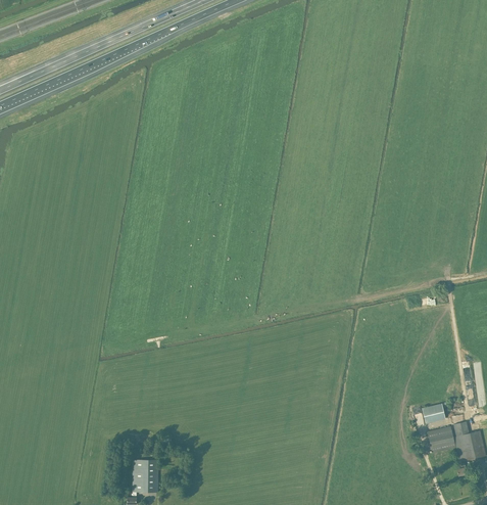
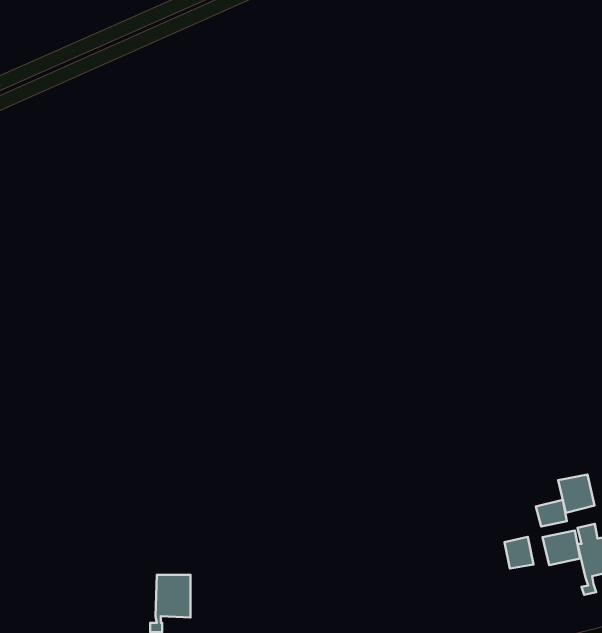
building: none -> [558,474,594,513]
building: none -> [504,537,534,569]

